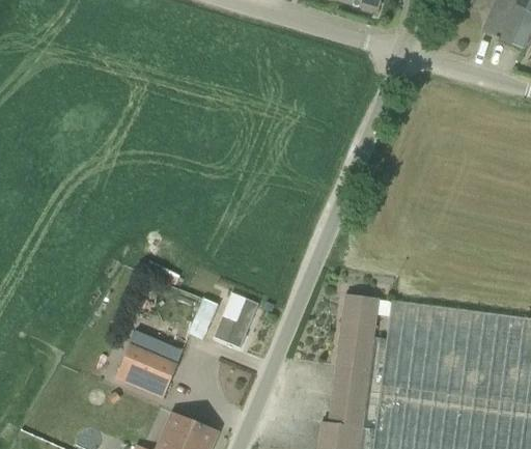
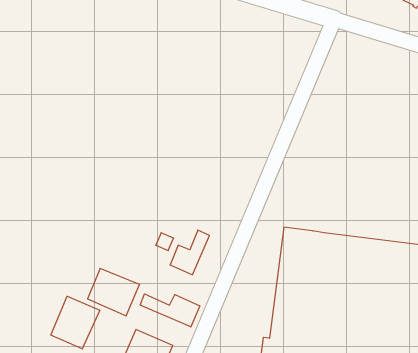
building: none -> [140,294,200,327]
building: none -> [51,296,100,349]

